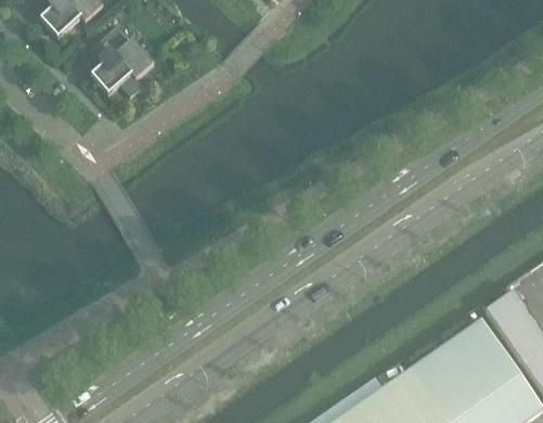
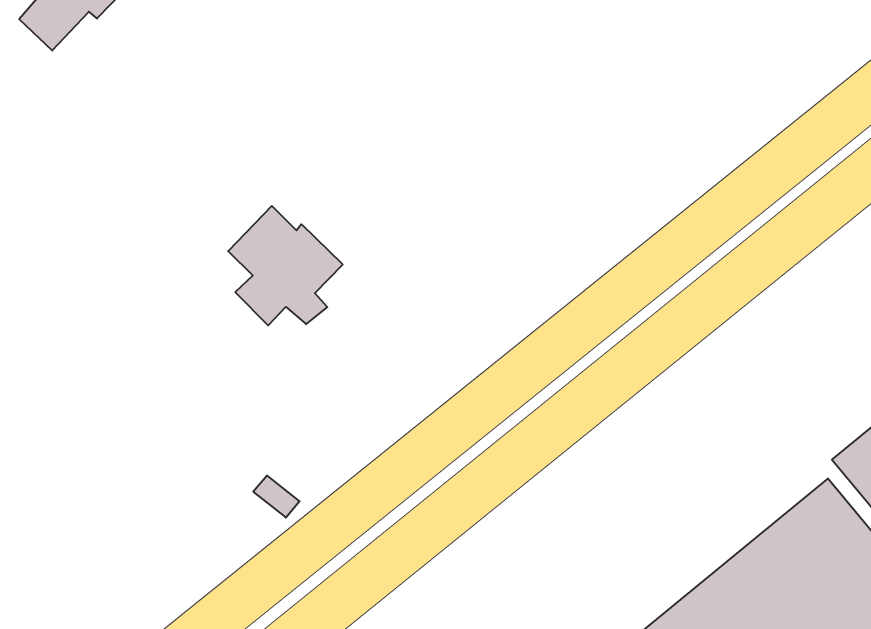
building: [90,24,155,93] -> [228,206,343,325]

